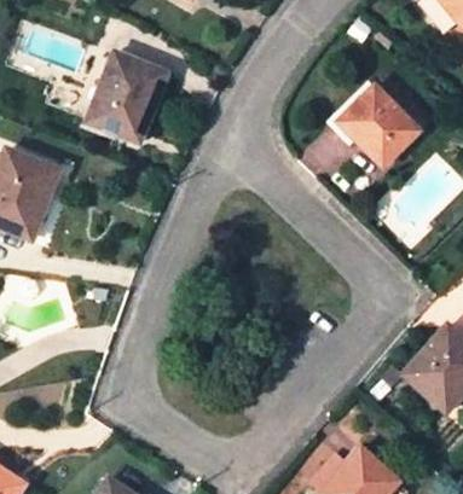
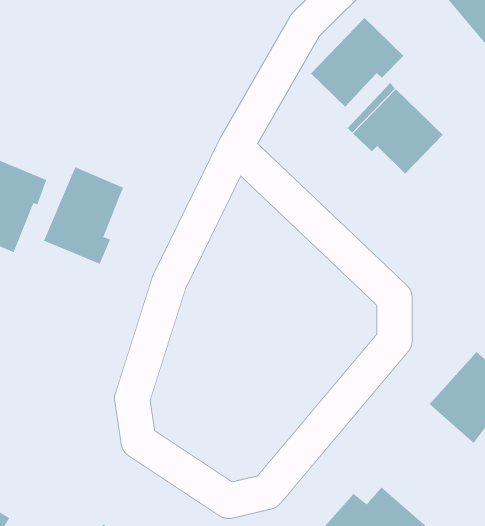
building: none -> [310,17,404,107]
building: [87,52,161,141] -> [43,166,124,265]

